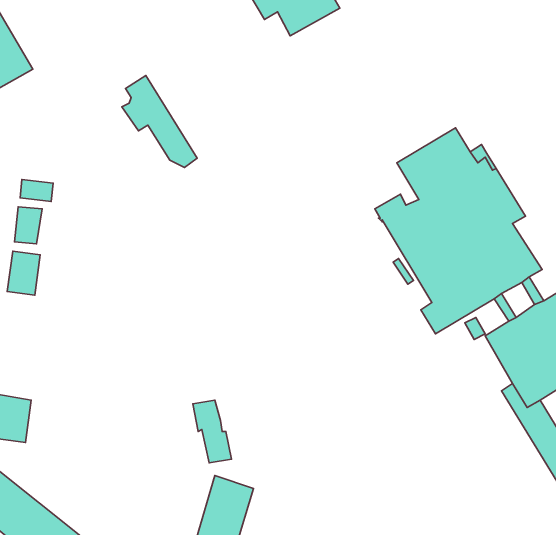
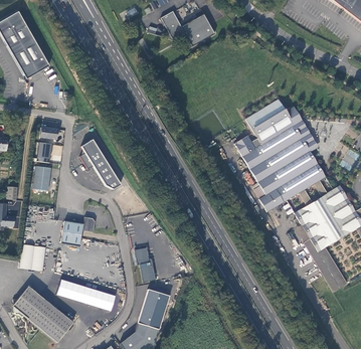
building: [122,76,197,168] -> [79,139,121,189]
building: none -> [61,216,96,245]
building: none -> [56,279,115,311]

